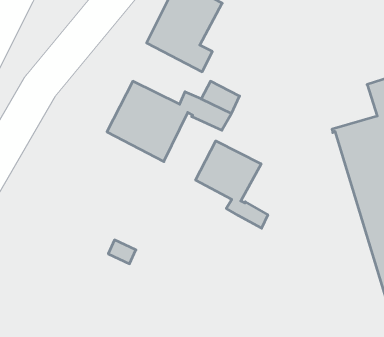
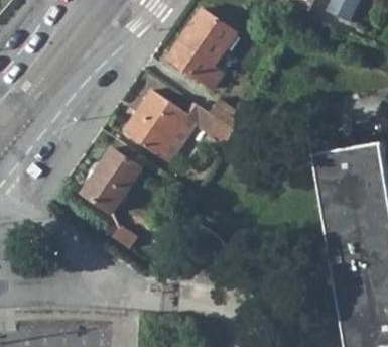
building: [196,141,268,228] -> none
building: none -> [79,147,139,212]

